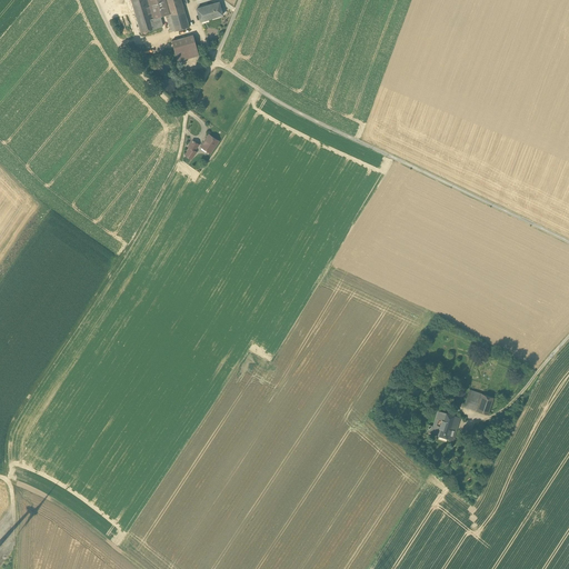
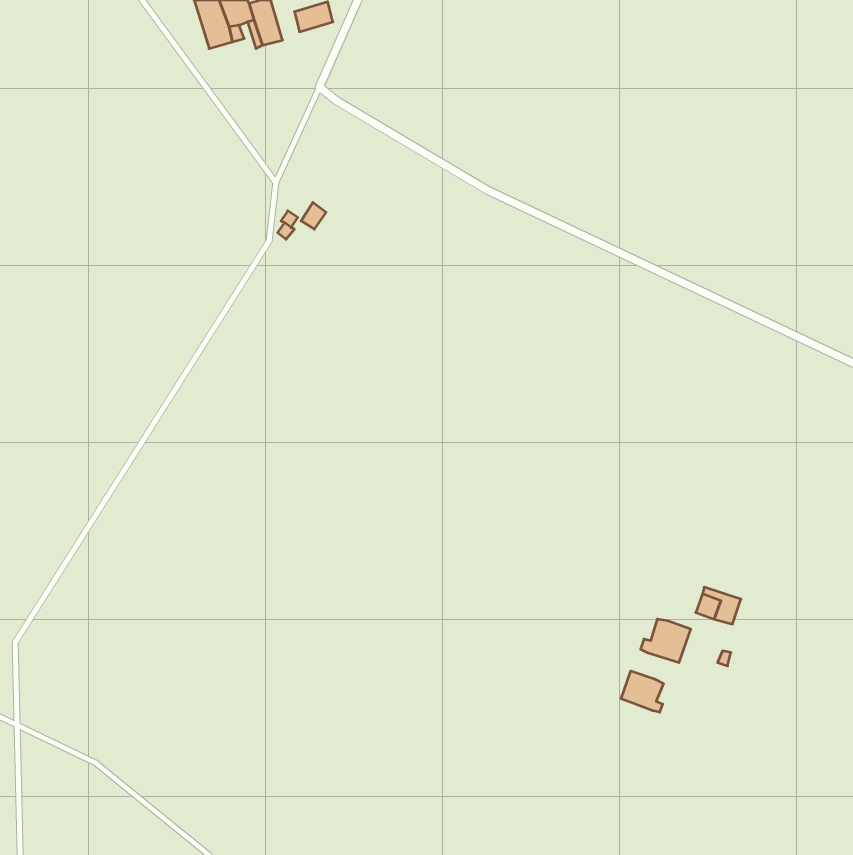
building: [171,34,198,61] -> none
building: none -> [621,671,663,712]

